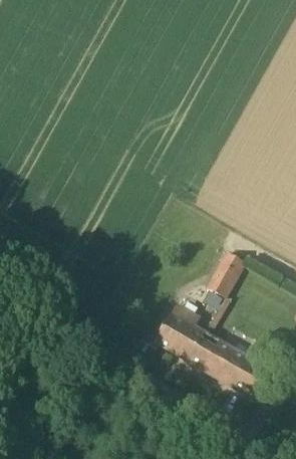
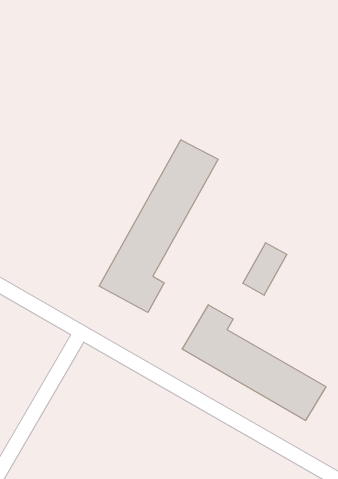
building: none -> [99,140,218,312]

